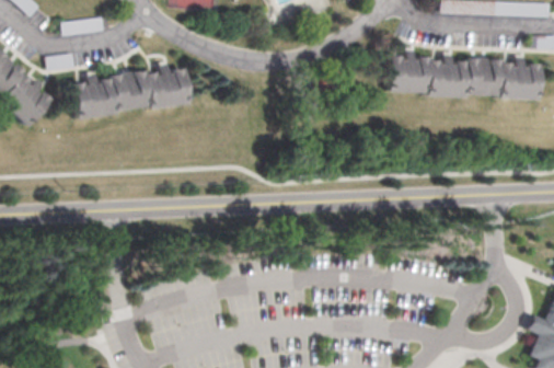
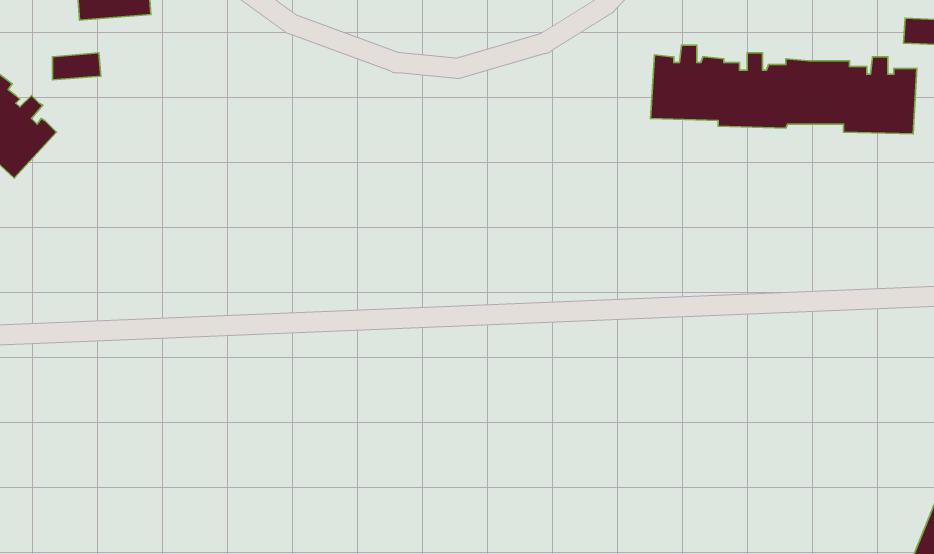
building: [73,68,188,119] -> none

